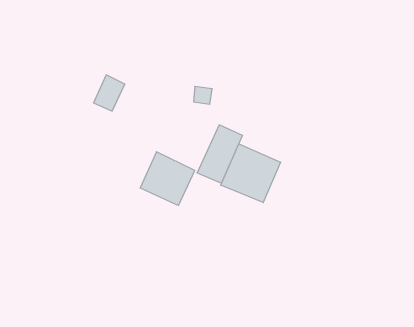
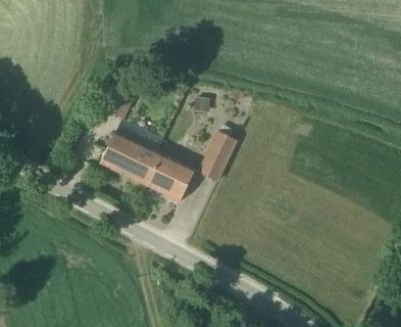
building: none -> [101,132,161,186]
building: [221,144,281,203] -> none

